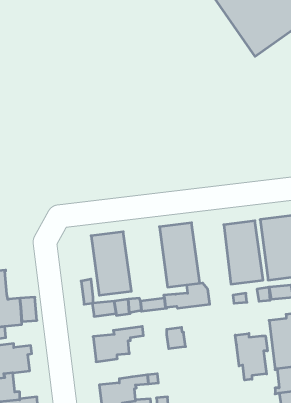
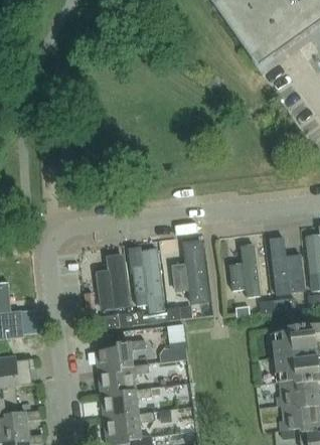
building: none -> [128,240,168,304]
building: [235,333,267,380] -> none
building: none -> [99,363,149,398]

